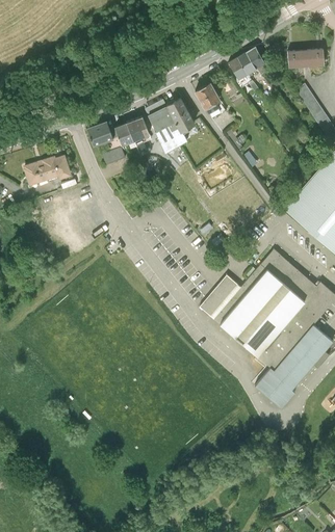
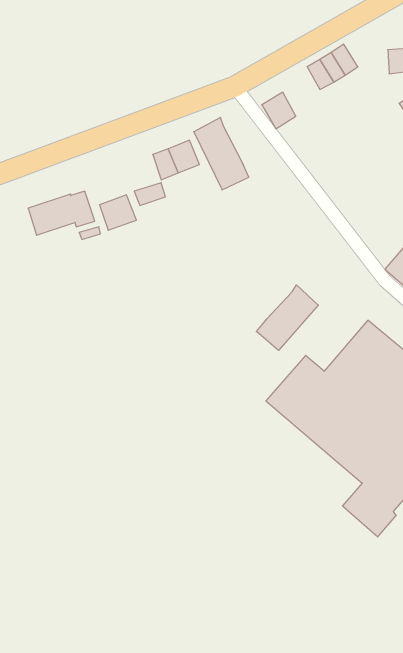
building: [168,98,196,132] -> none
building: [87,121,114,147] -> [100,195,136,230]
building: none -> [256,285,318,350]

